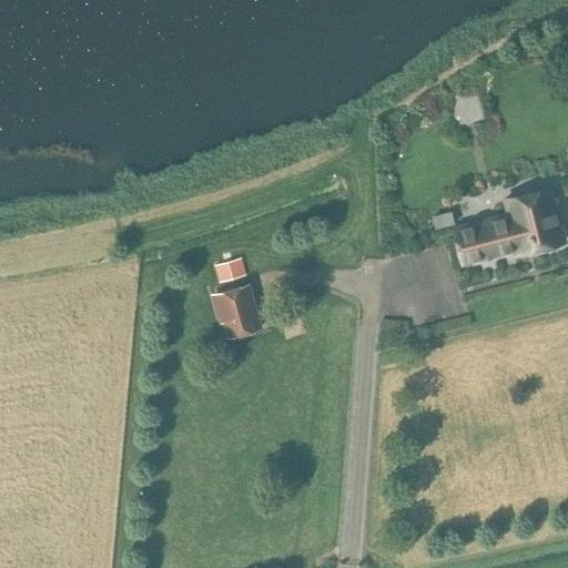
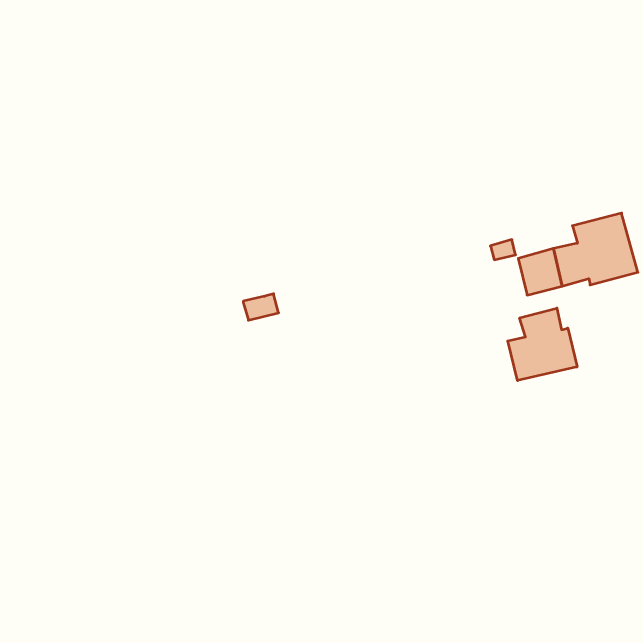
building: none -> [508,308,577,381]
building: [211,284,263,339] -> none

